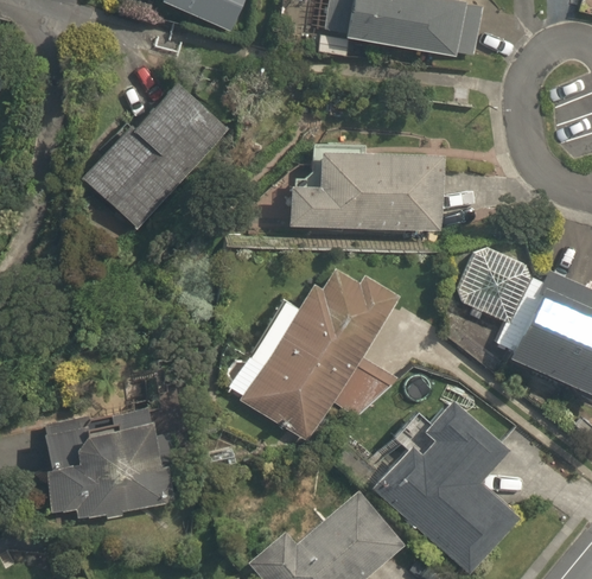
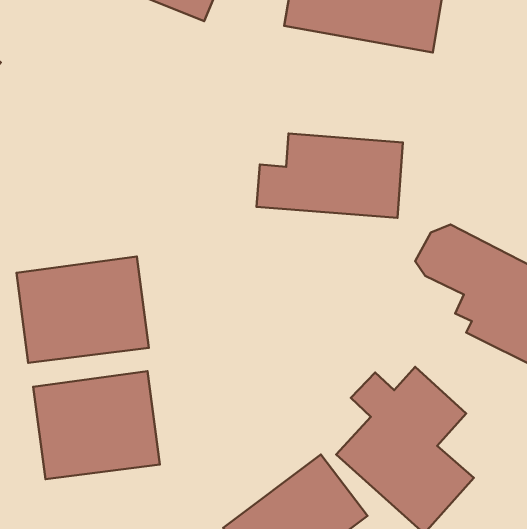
building: [88,79,229,223] -> none
building: [242,265,401,446] -> none
building: none -> [17,256,149,363]

